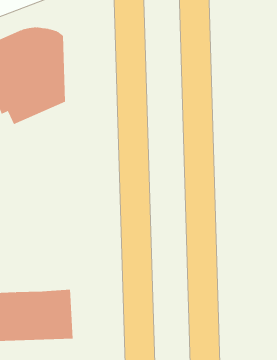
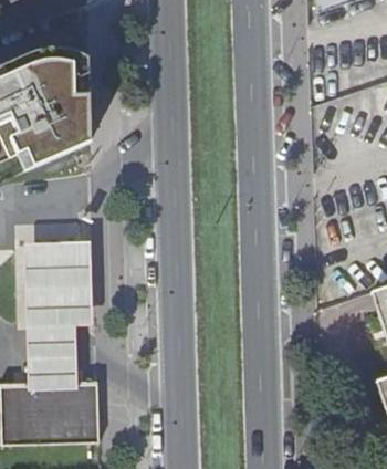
building: none -> [22,239,91,382]

